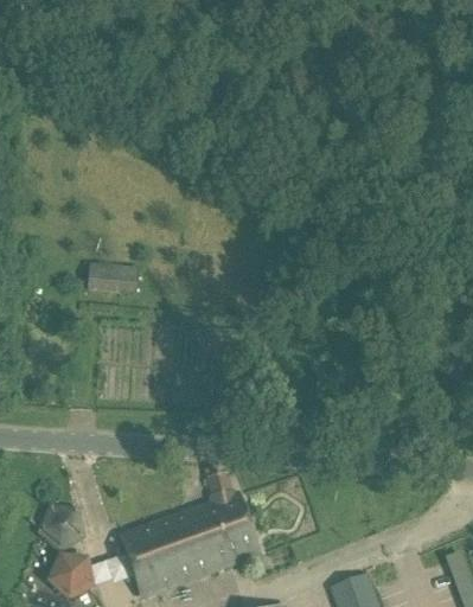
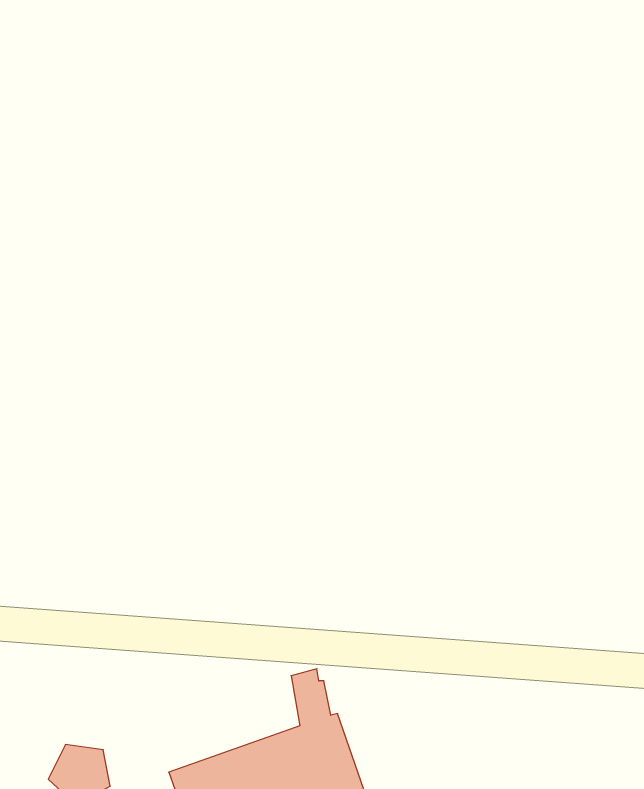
building: [88,264,138,290] -> none

